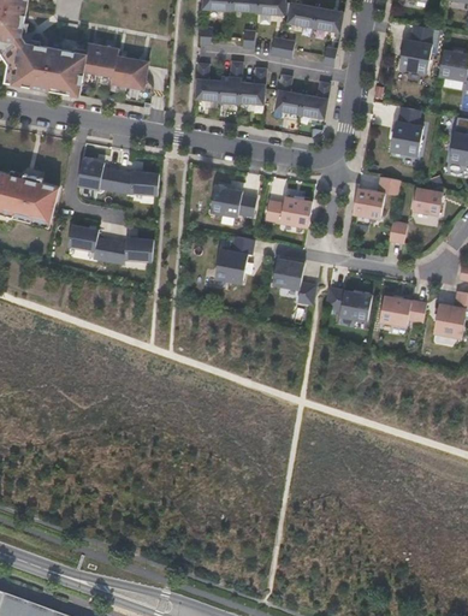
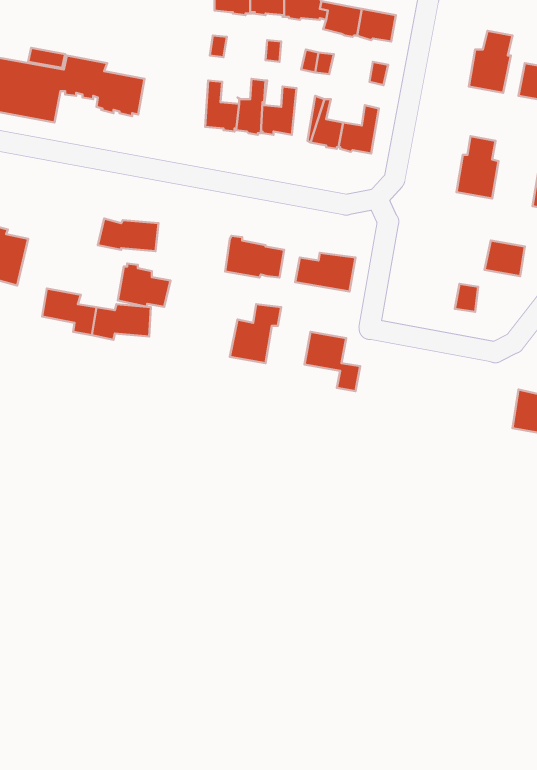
building: [76,158,117,191] -> [118,263,171,307]
building: [353,177,399,218] -> none
building: [325,288,372,321] -> none
building: [379,296,426,326] -> none

